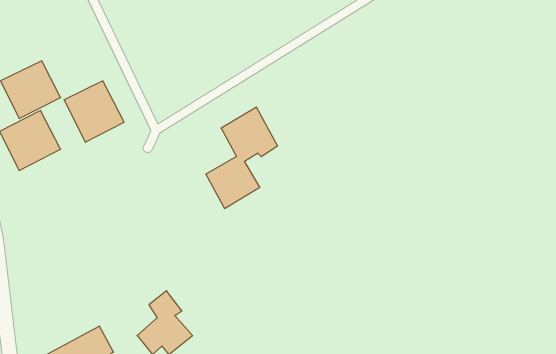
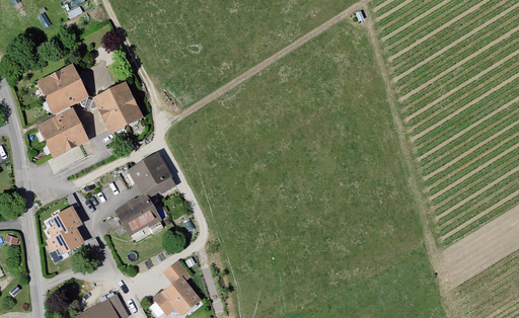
building: [206,107,278,208] -> [115,151,176,238]
building: none -> [50,206,85,251]

